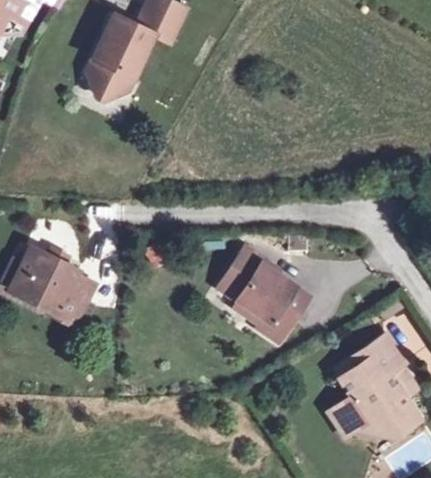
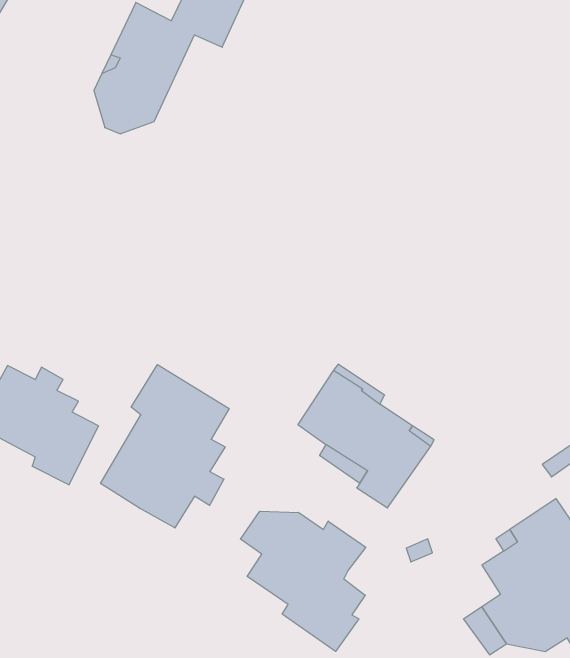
building: none -> [101,365,229,528]
building: none -> [240,511,366,651]

